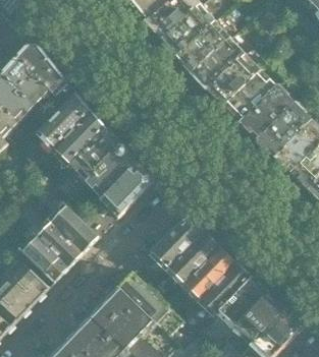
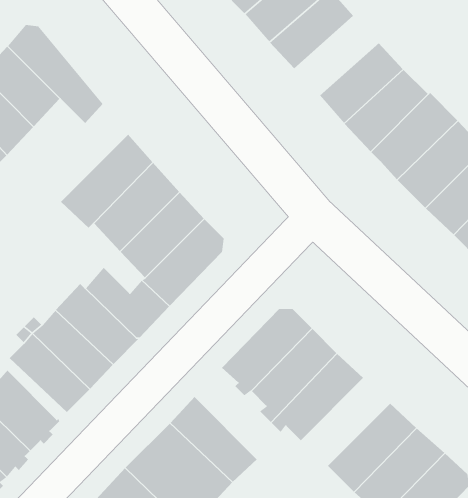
building: [194,39,246,87] -> none
building: [36,93,92,147] -> none
building: [195,260,253,314] -> none

